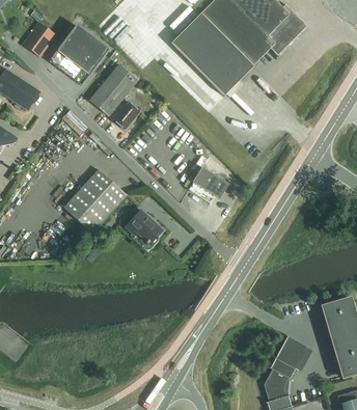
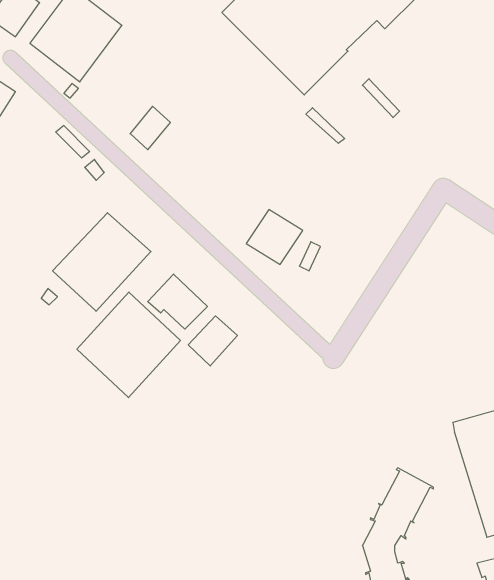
building: [89,63,138,115] -> none
building: none -> [77,292,180,398]
building: none -> [188,316,237,366]

